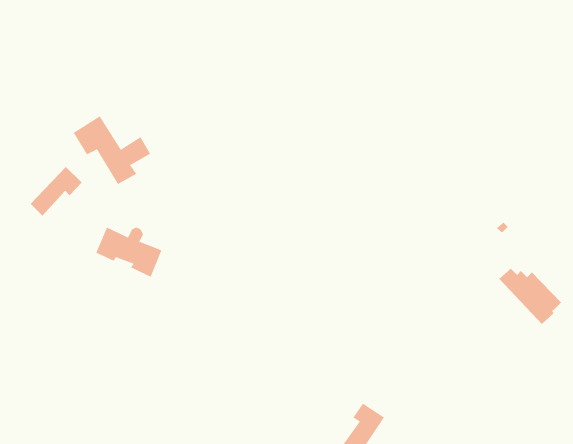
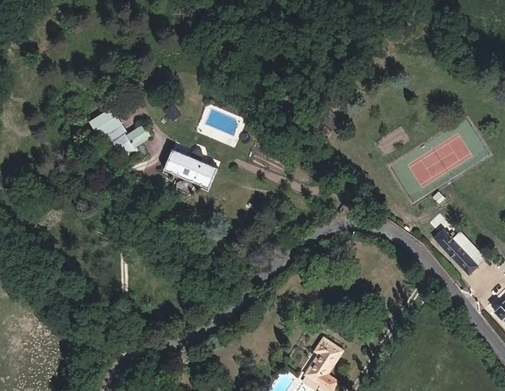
building: [30,166,83,217] -> none
building: [95,227,162,278] -> [164,148,218,189]

